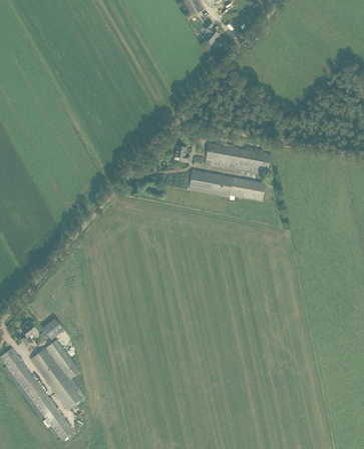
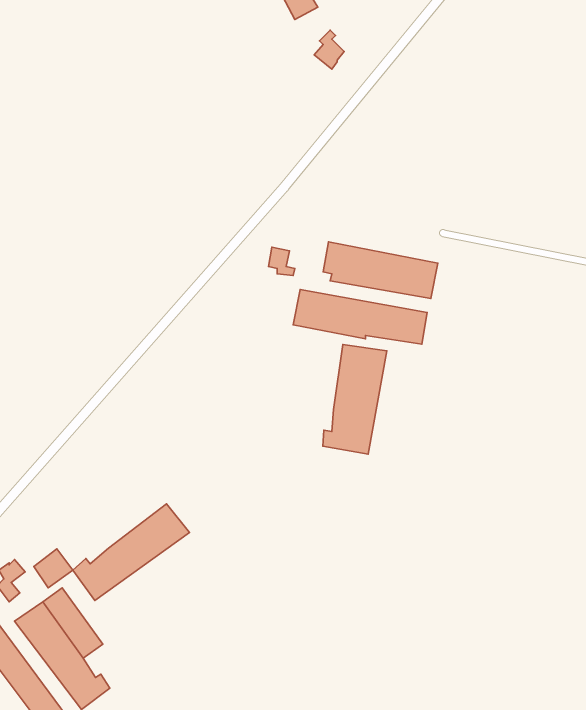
building: none -> [323,344,387,454]
building: none -> [73,504,189,601]

